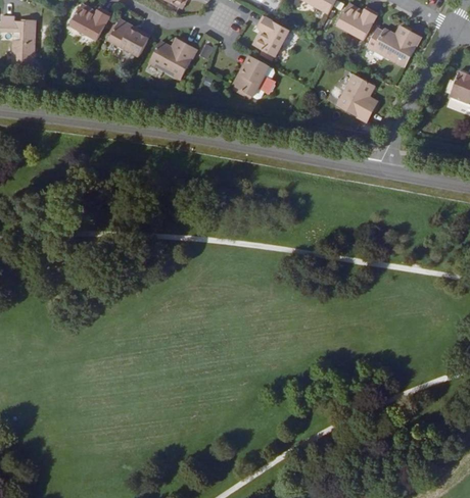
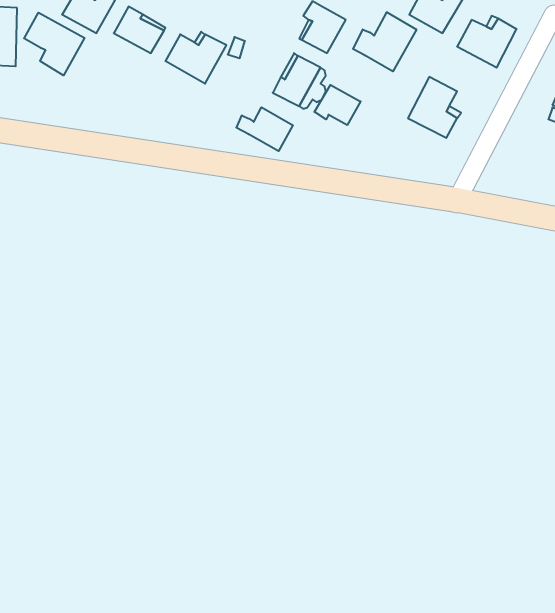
building: none -> [353,12,416,71]
building: none -> [24,13,85,75]
building: none -> [314,85,361,125]
building: none -> [236,107,293,151]

